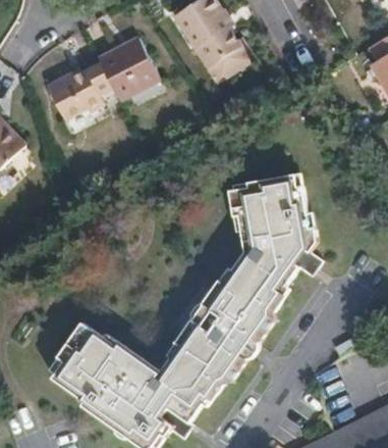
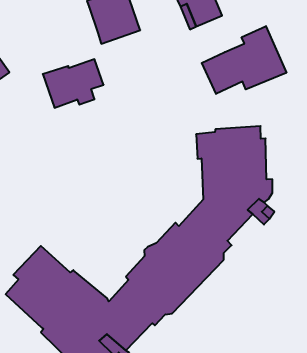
building: none -> [202,26,286,94]
building: [46,65,111,122] -> [43,59,104,108]

